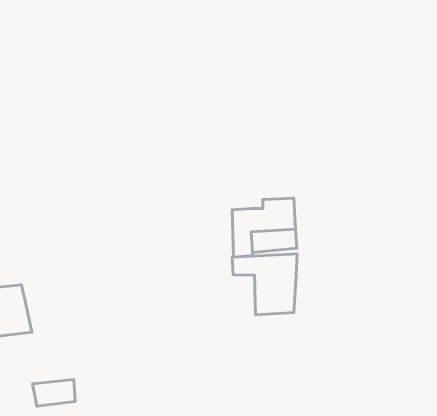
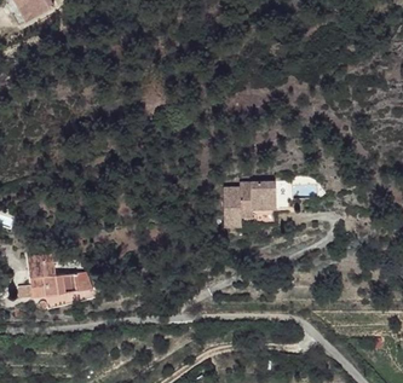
building: [232,254,297,315] -> none
building: [33,379,75,406] -> [56,272,91,294]

